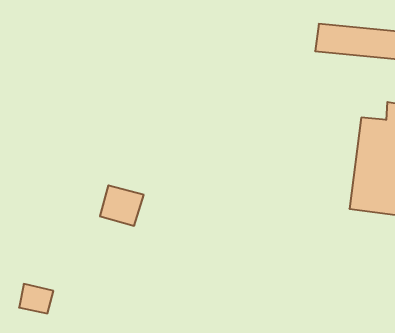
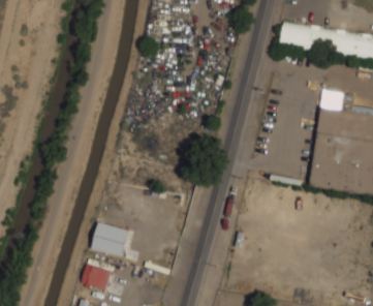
building: [100,185,144,226] -> [91,222,129,257]
building: [19,284,53,313] -> [81,264,111,289]

